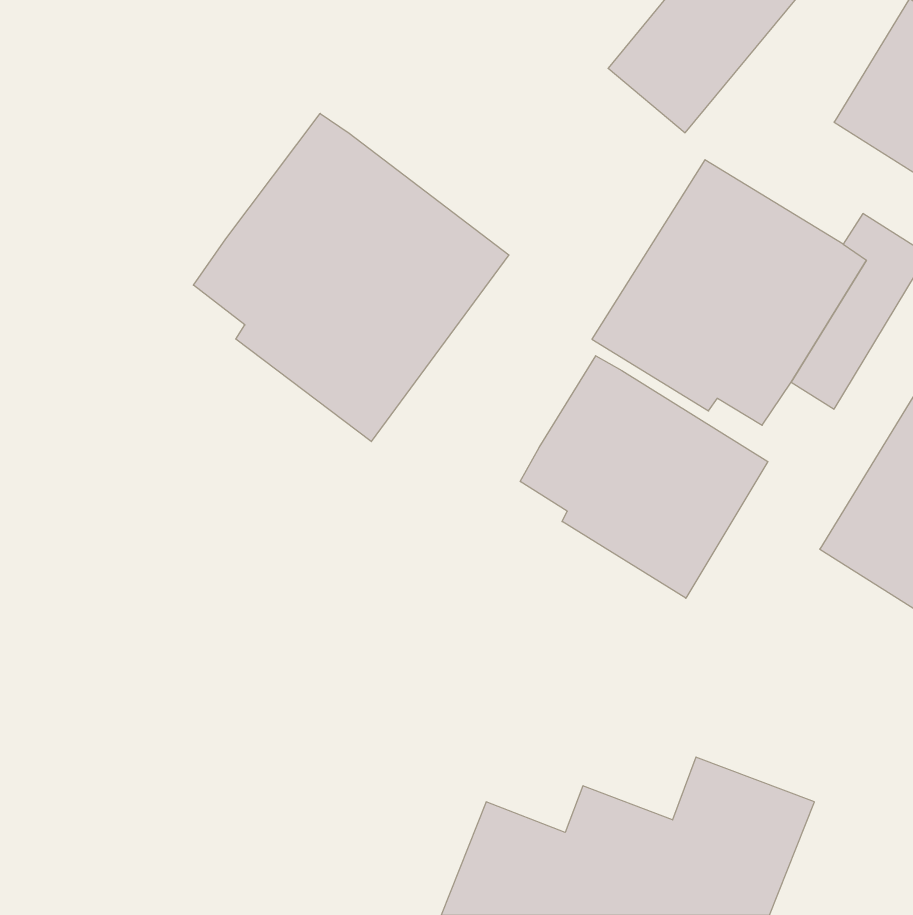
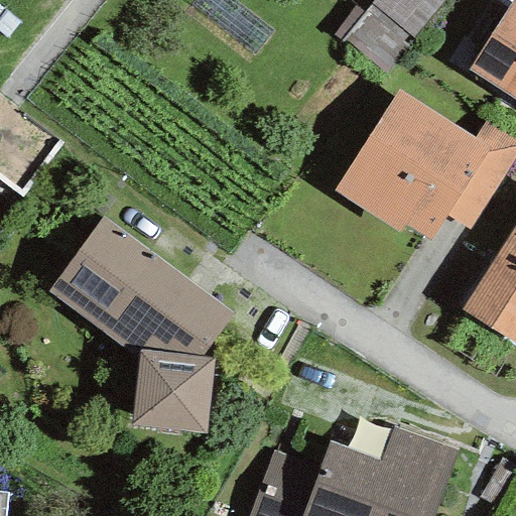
building: [193,113,509,442] -> none
building: [520,356,768,598] -> none
building: none -> [48,215,235,432]

